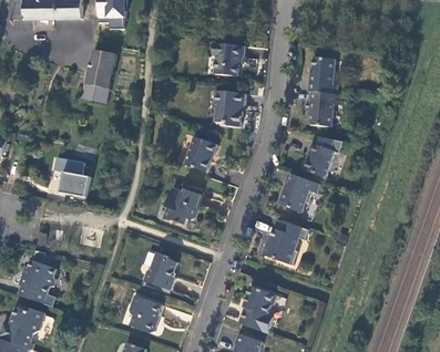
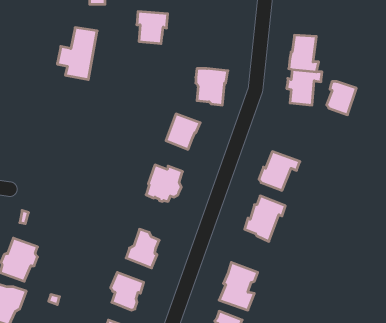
building: [214,43,245,75] -> [137,12,168,44]
building: [305,144,335,177] -> [327,82,356,115]
building: [54,157,91,197] -> none

